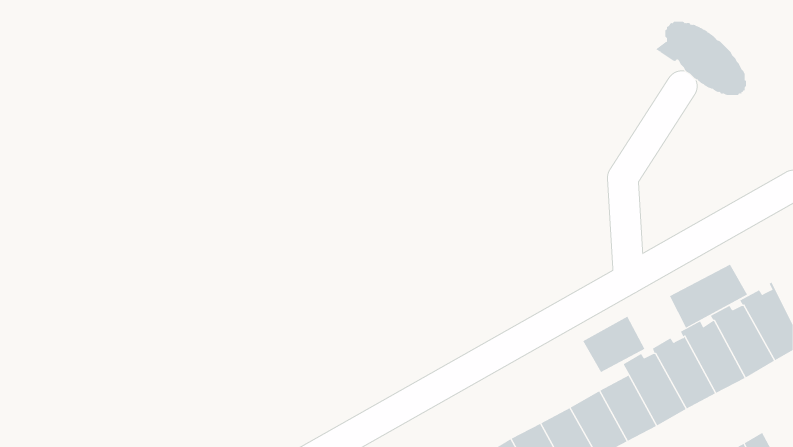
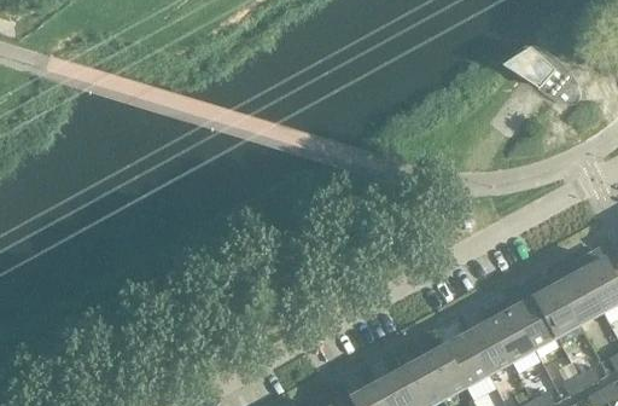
building: [669,264,748,328] -> none
building: [583,316,645,373] -> none

